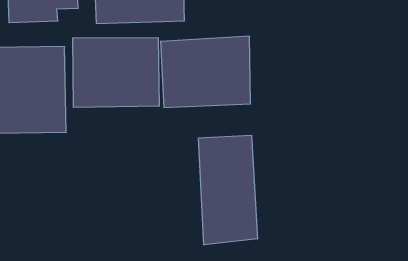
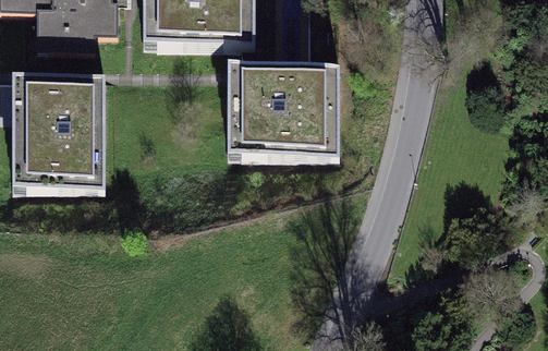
building: [73,38,159,107] -> none
building: [199,135,258,245] -> none

